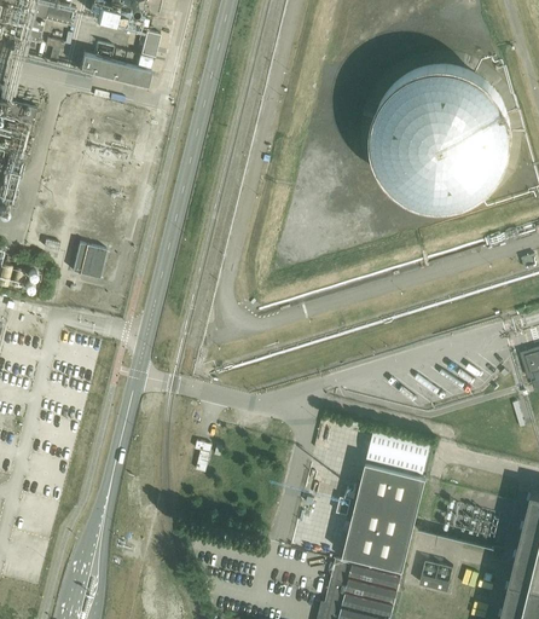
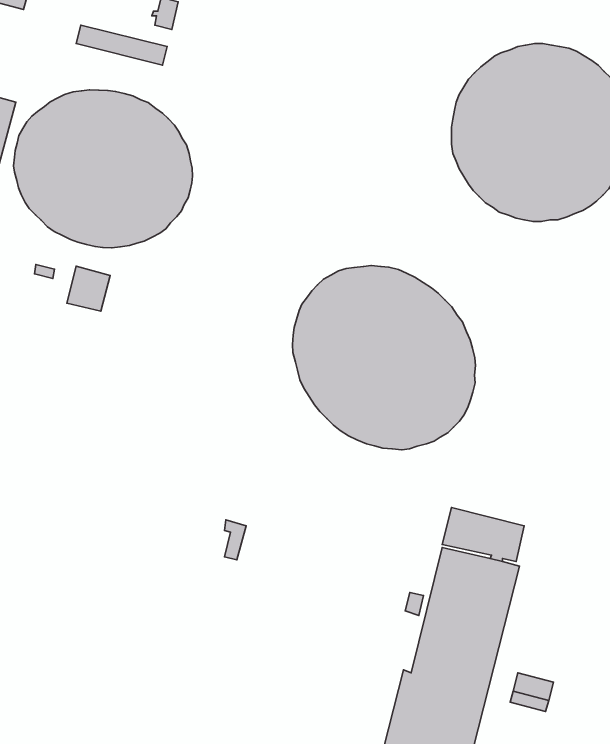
building: none -> [14,90,193,248]
building: none -> [292,266,475,450]

